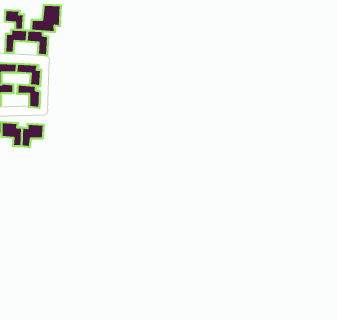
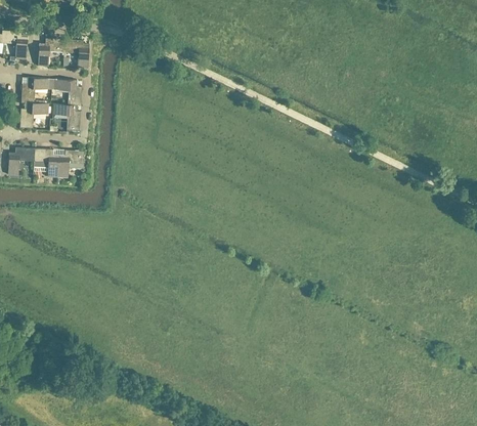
building: [31,5,61,32] -> none
building: [5,10,24,30] -> none

